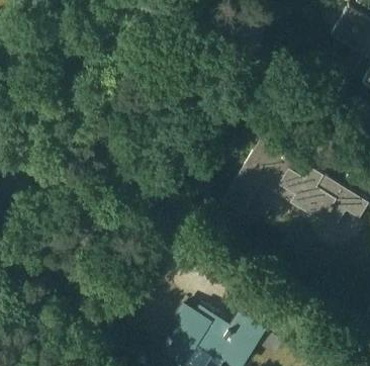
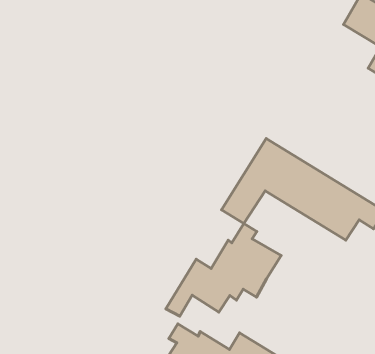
building: none -> [166,224,281,316]

